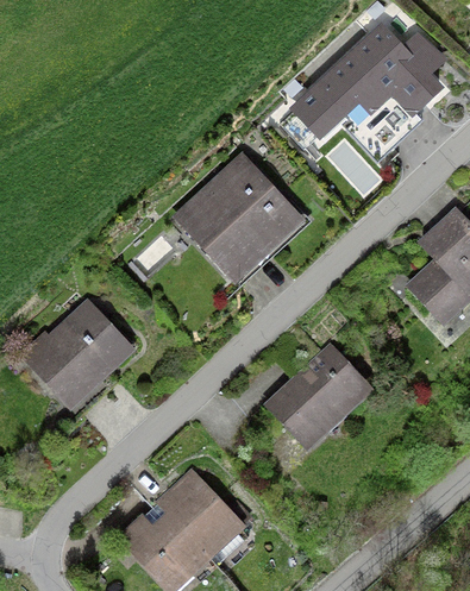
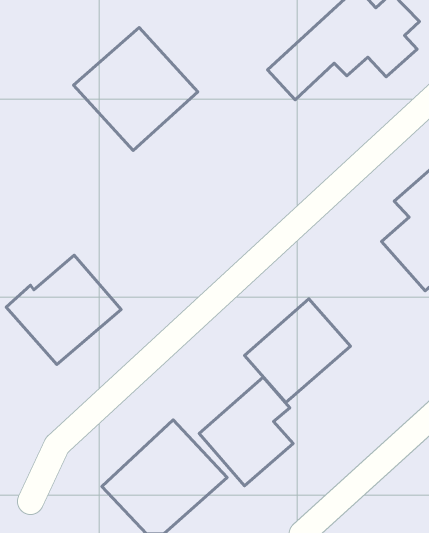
building: [171,155,300,282] -> [73,27,198,151]
building: none -> [199,377,293,486]

